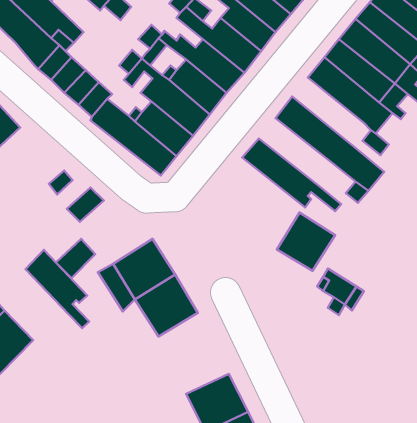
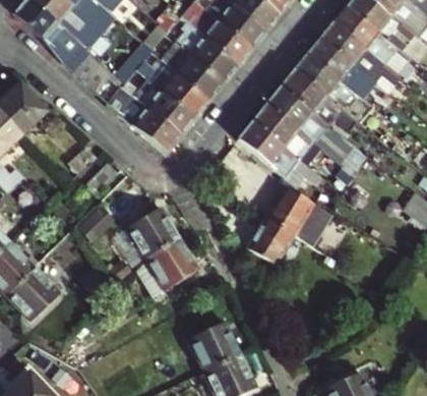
building: none -> [280,68,341,127]
building: none -> [251,103,319,163]
building: none -> [247,215,297,264]
building: [25,250,89,328] -> none

